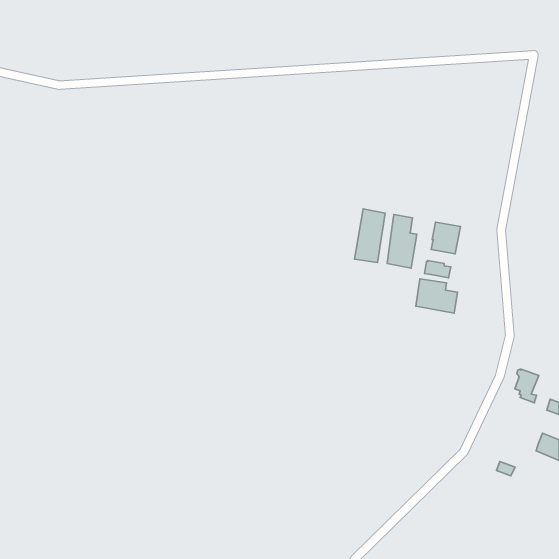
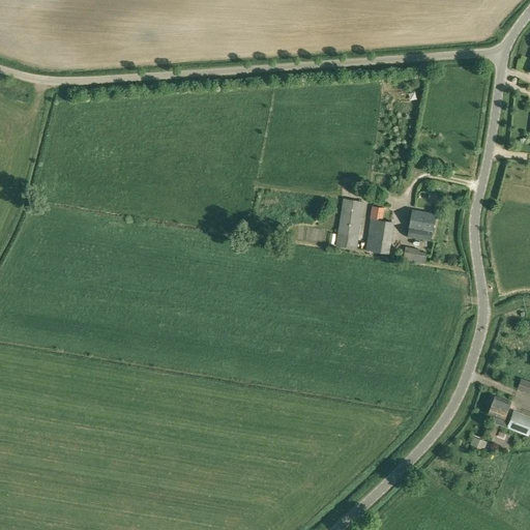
building: [416,279,457,313] -> none
building: [515,369,539,403] -> [489,395,511,428]

